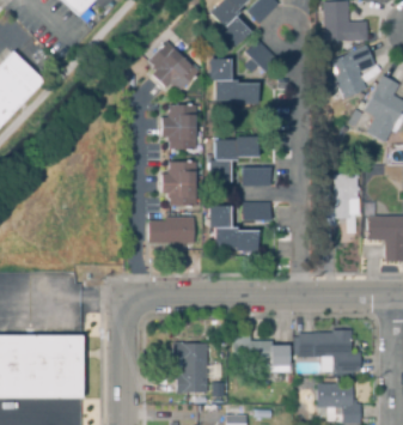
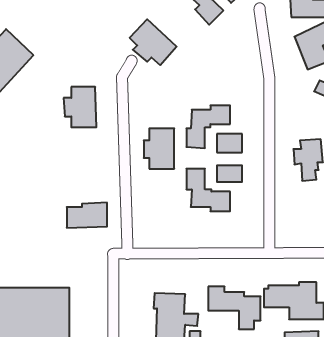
building: [245,38,279,72] -> none
building: [210,57,258,103] -> none
building: [163,104,199,148] -> [64,87,96,127]
building: [151,215,195,243] -> [67,203,107,228]

